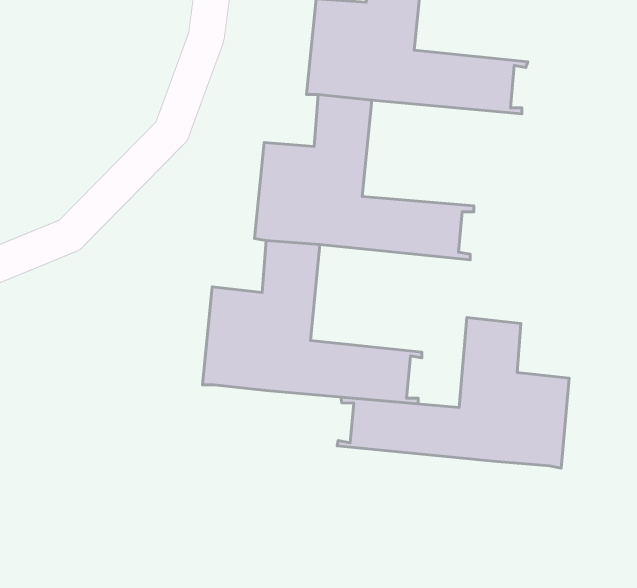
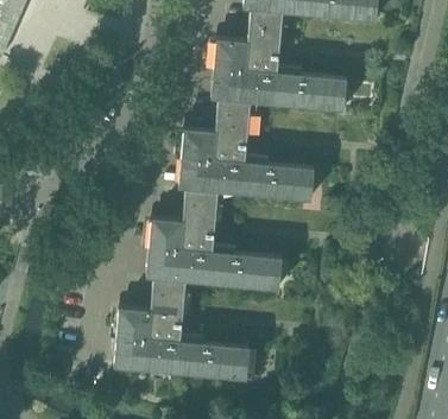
building: [337,318,569,468] -> none
building: none -> [114,278,250,380]

